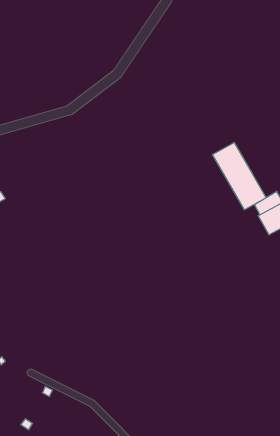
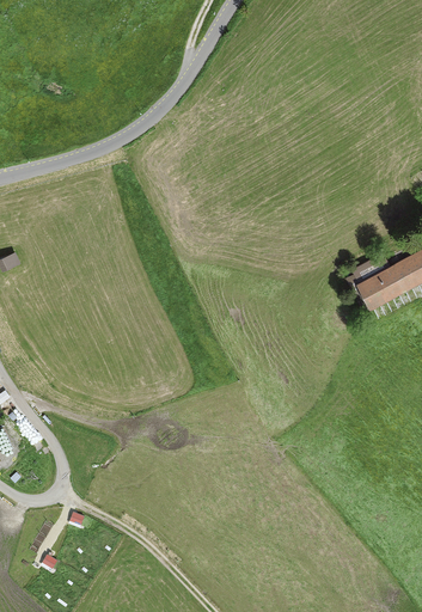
building: [212,142,266,210] -> none

